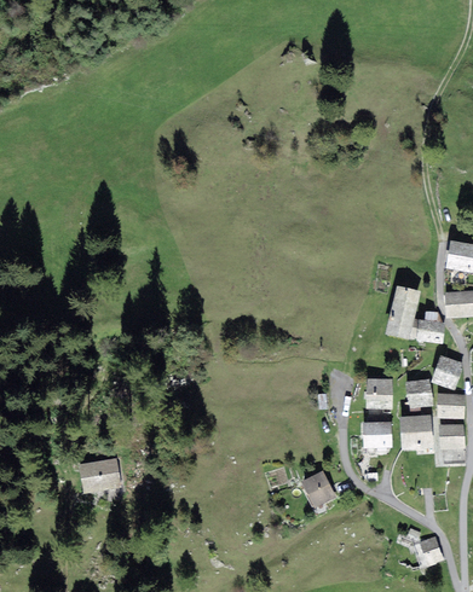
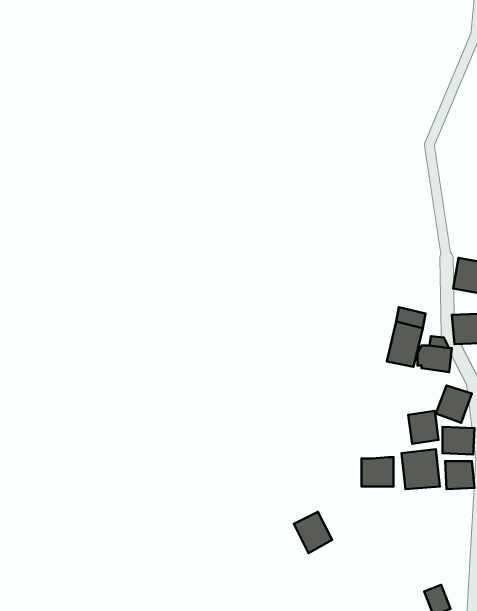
building: [365,378,392,408] -> none
building: [76,457,120,493] -> none

